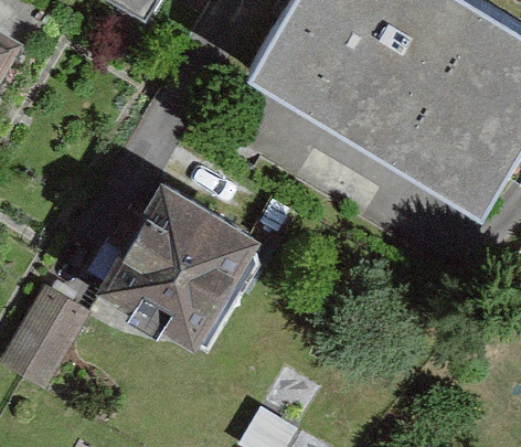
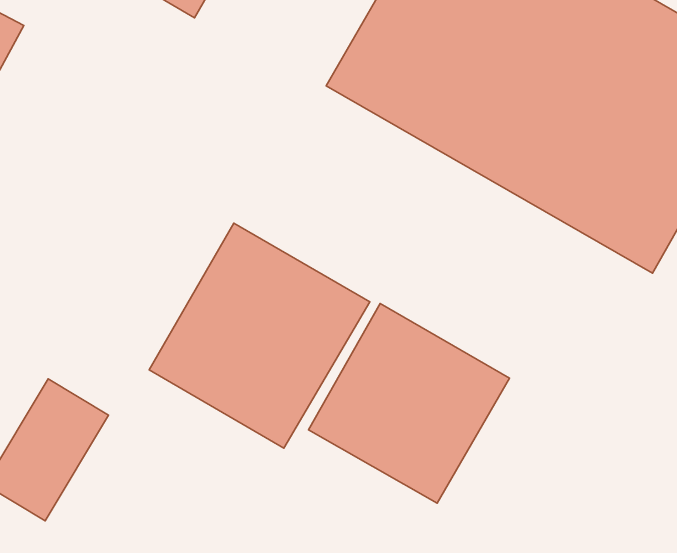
building: none -> [309,304,509,503]

